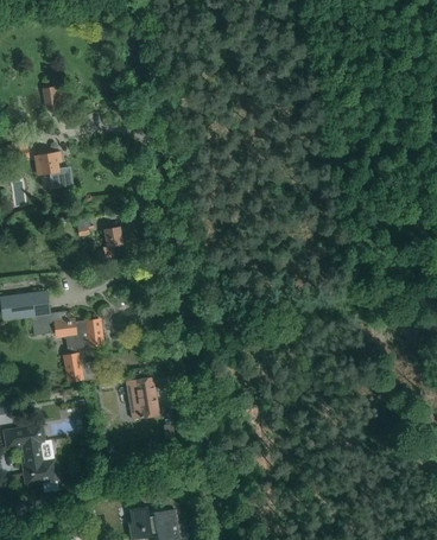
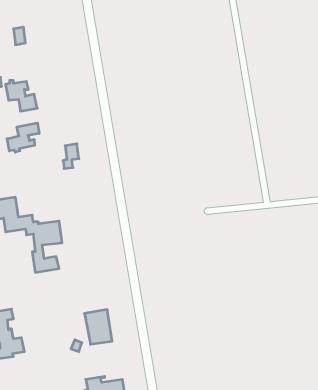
building: none -> [7,123,39,152]
building: [126,376,159,418] -> [84,310,112,344]

